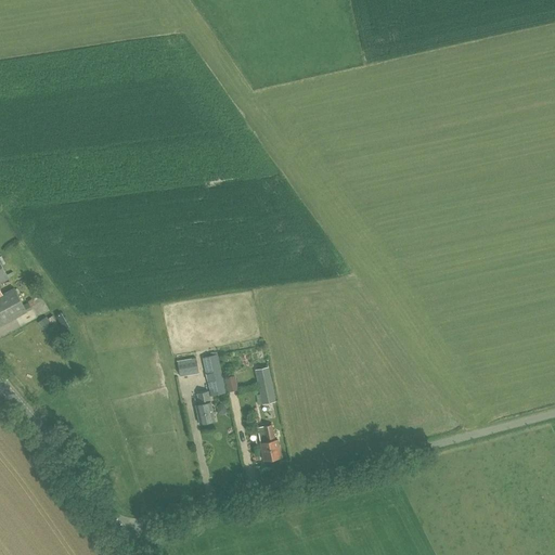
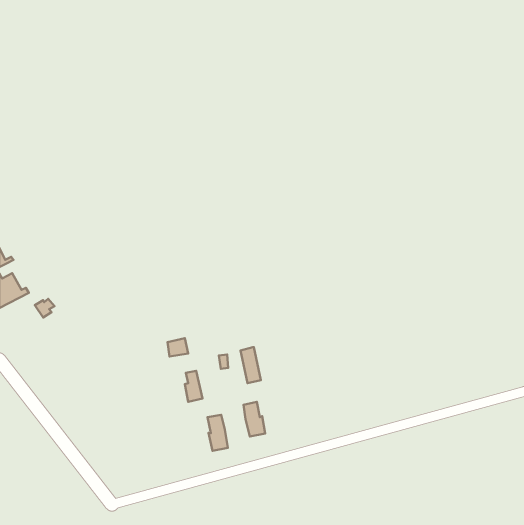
building: [202,354,225,396] -> none
building: none -> [208,415,228,451]

